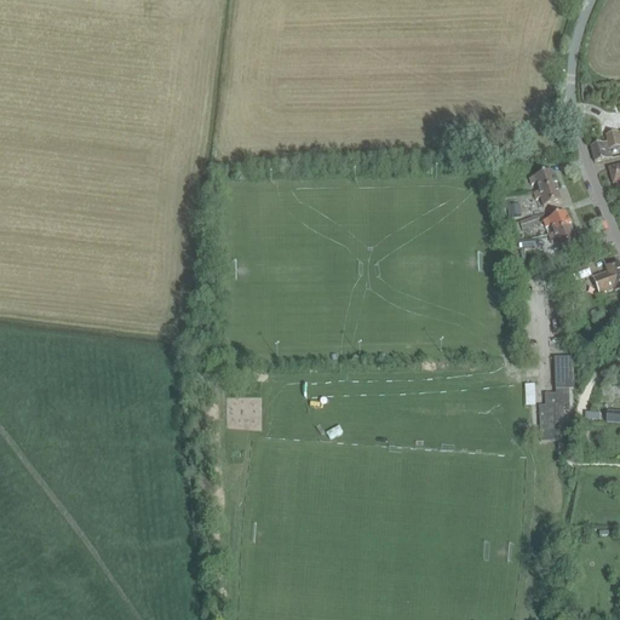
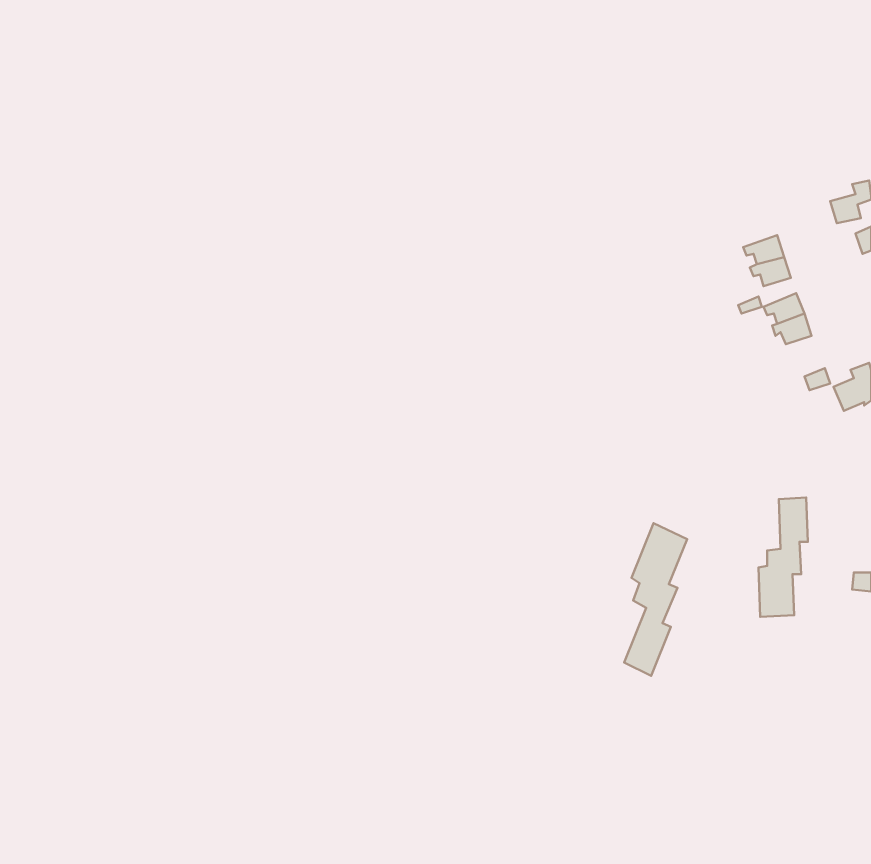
building: none -> [624,523,687,676]

